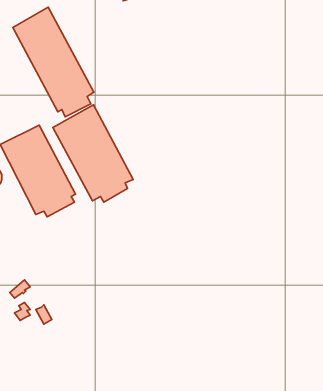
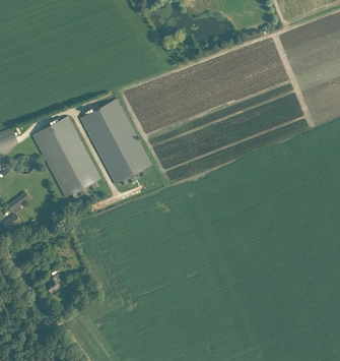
building: [13,7,94,117] -> none

